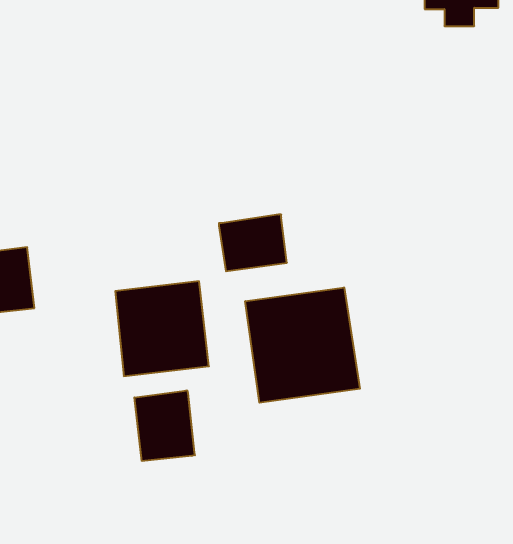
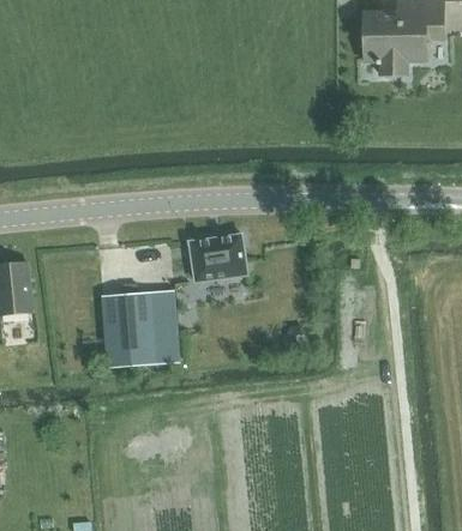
building: [245,287,360,403] -> none
building: [134,390,195,461] -> none

